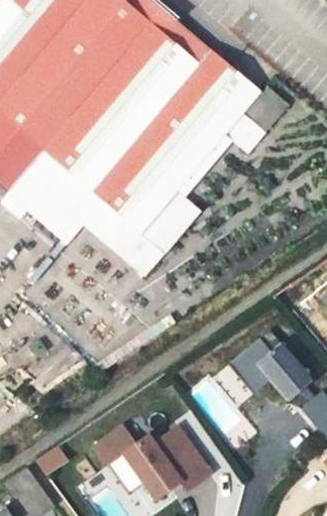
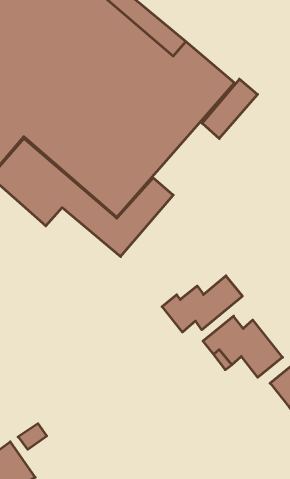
building: none -> [162,276,242,332]
building: [95,428,212,501] -> none

